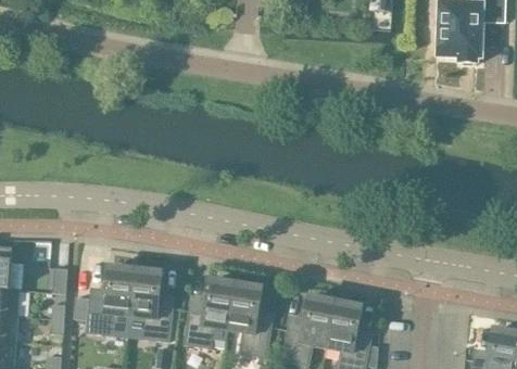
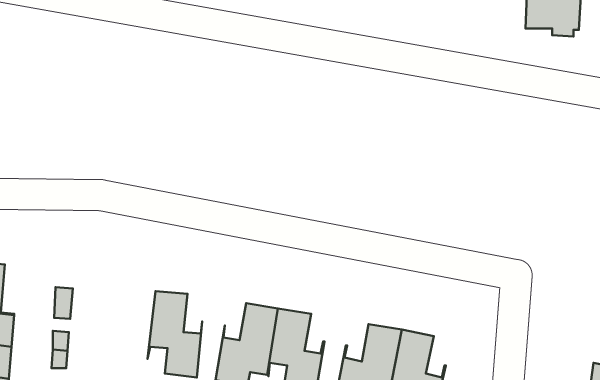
building: [86,267,135,334] -> none

